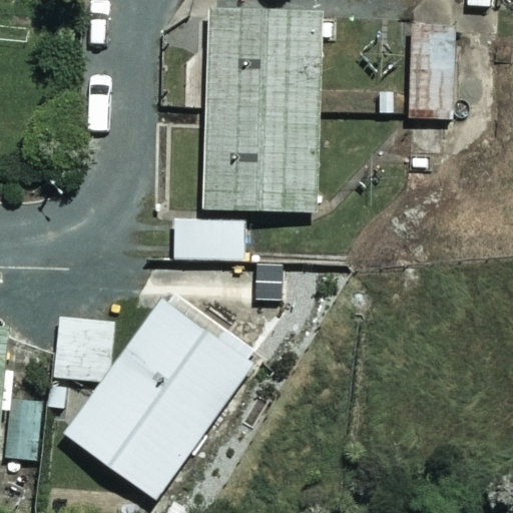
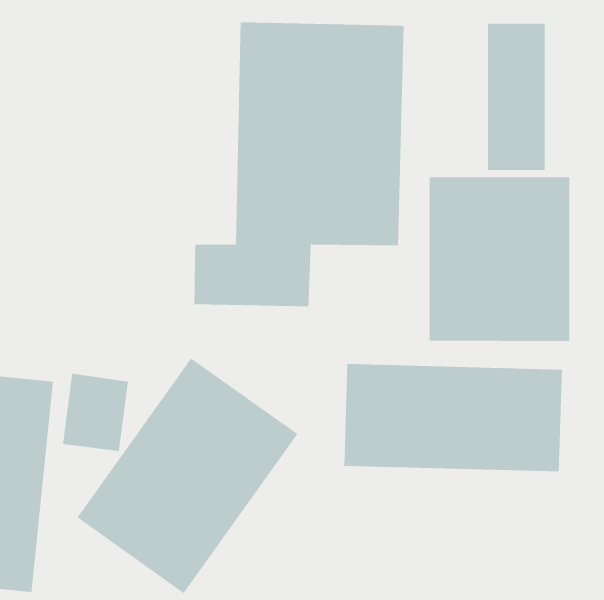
building: none -> [429,176,570,342]
building: none -> [343,363,563,472]

